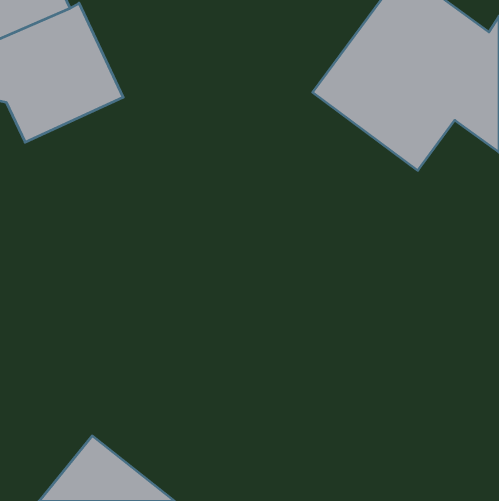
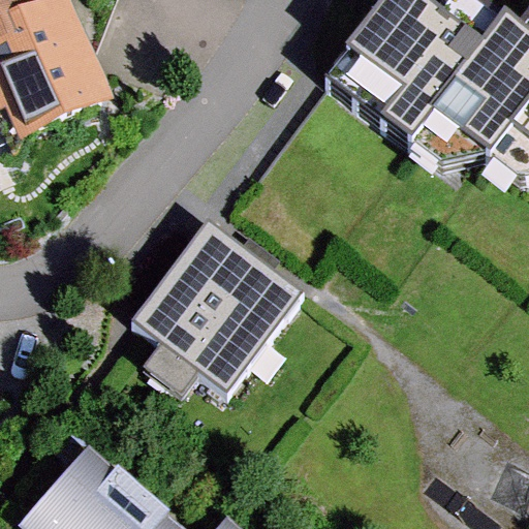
building: none -> [118,218,301,402]

